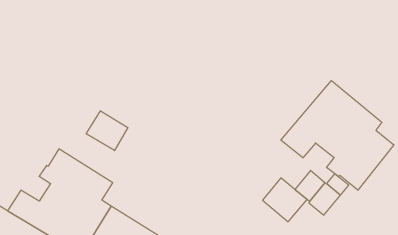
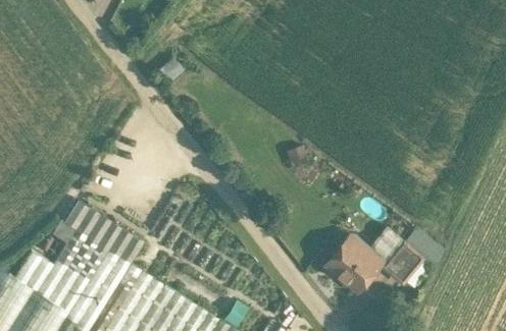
building: [281,81,394,190] -> none
building: [86,111,128,151] -> none

